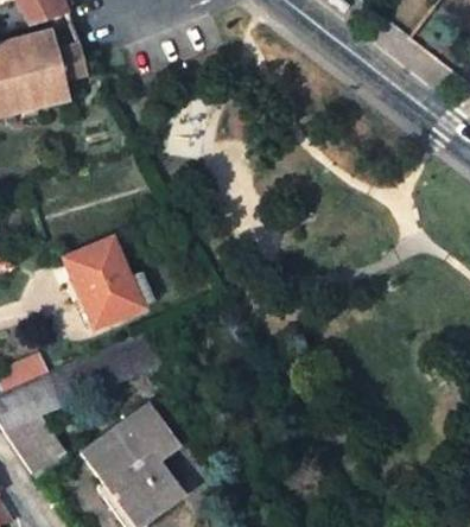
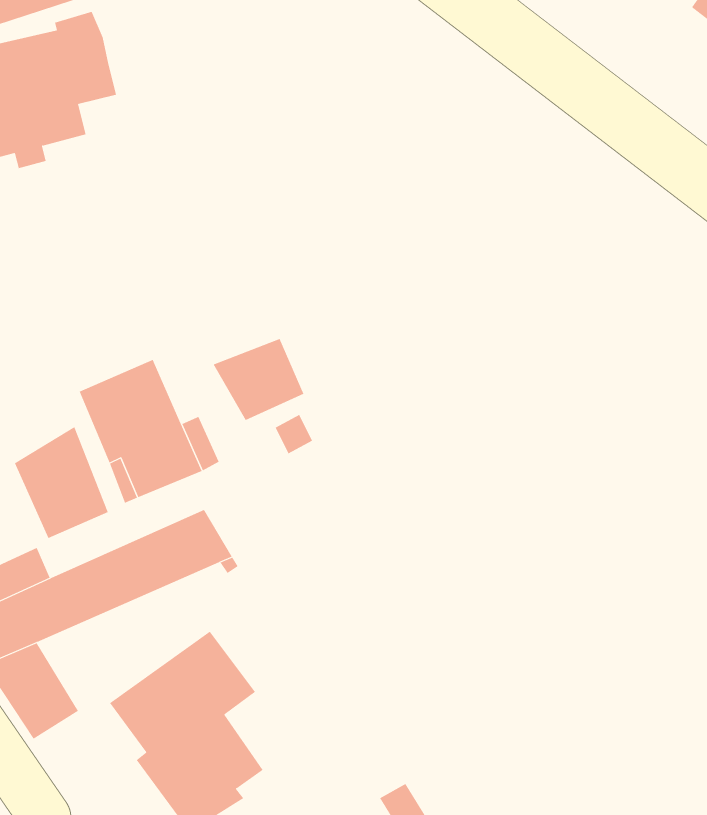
building: none -> [213,338,304,421]
building: none -> [14,426,109,539]

